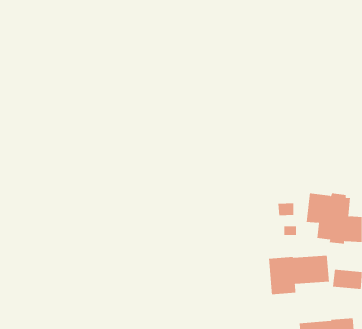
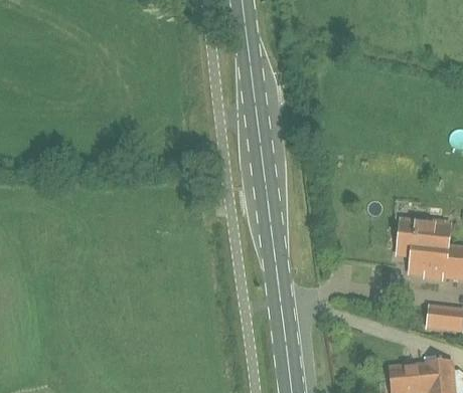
building: [269,255,329,295] -> none

